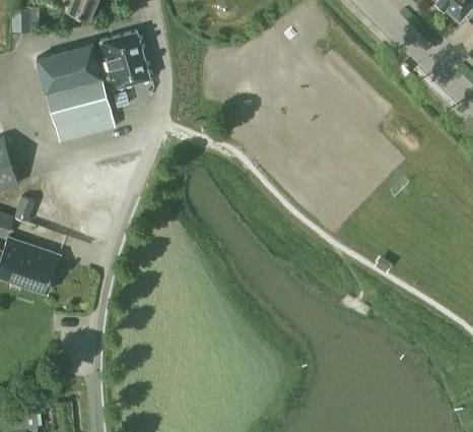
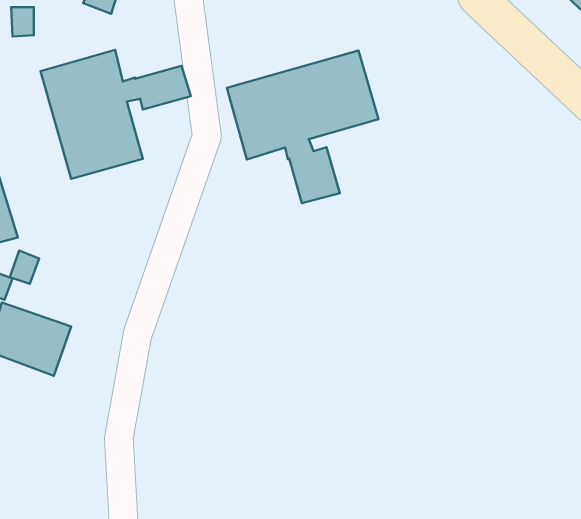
building: [102,32,143,65] -> none
building: none -> [227,50,379,203]

